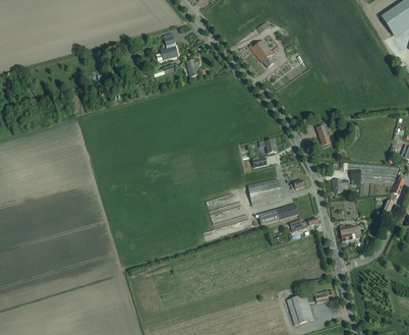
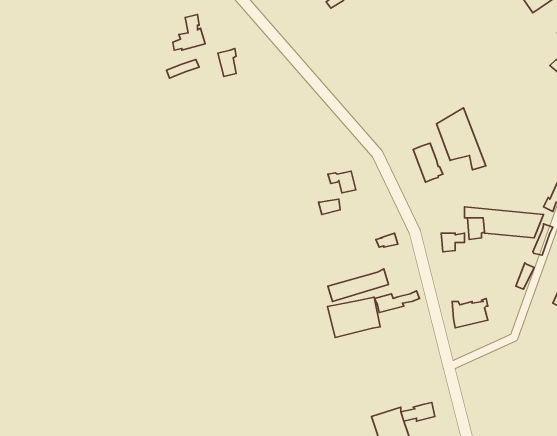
building: [248,39,275,67] -> none
building: none -> [436,108,486,170]
building: [247,178,282,205] -> [328,297,380,338]

